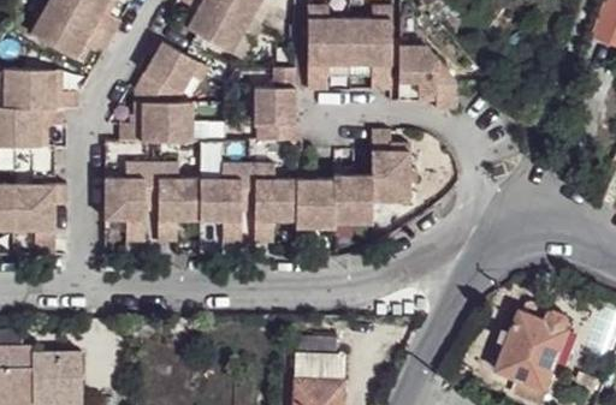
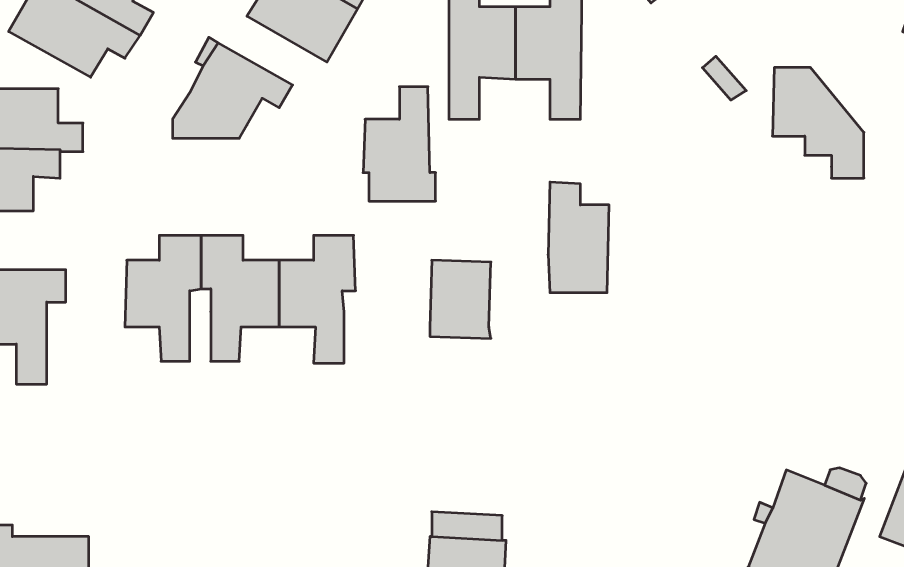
building: [398,40,456,109] -> [772,68,864,178]
building: [119,102,192,142] -> none
building: [248,163,297,244] -> none
building: [333,175,372,221] -> none

